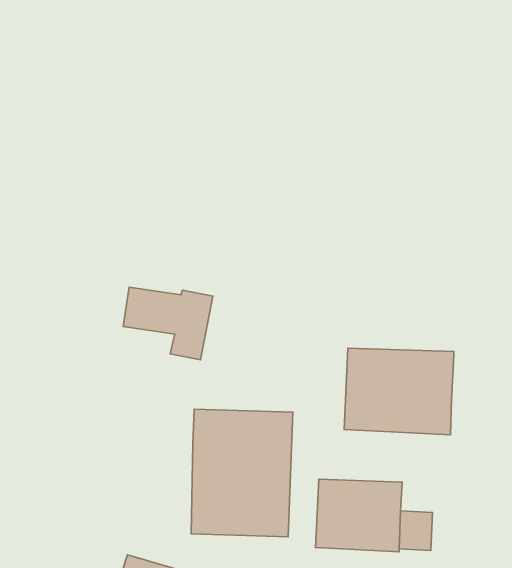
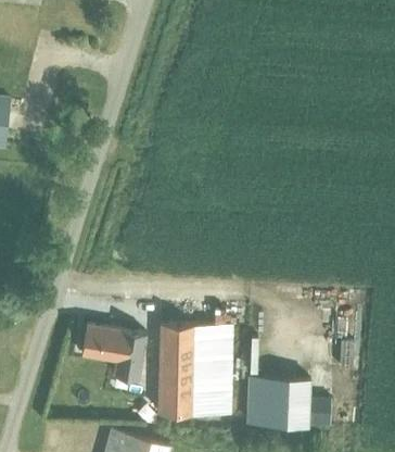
building: [123,287,213,360] -> [81,326,145,378]
building: [344,348,454,435] -> none

